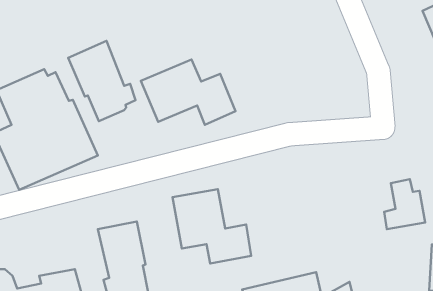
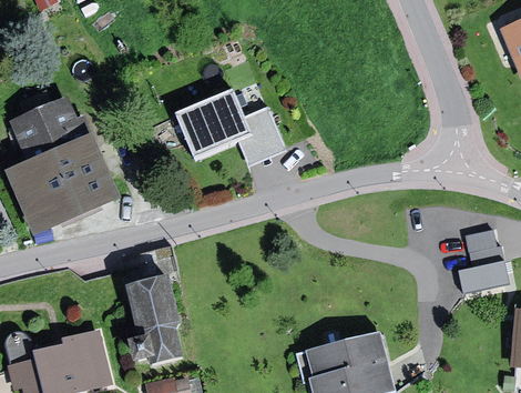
building: [68,41,136,121] -> none
building: [173,189,251,263] -> none

